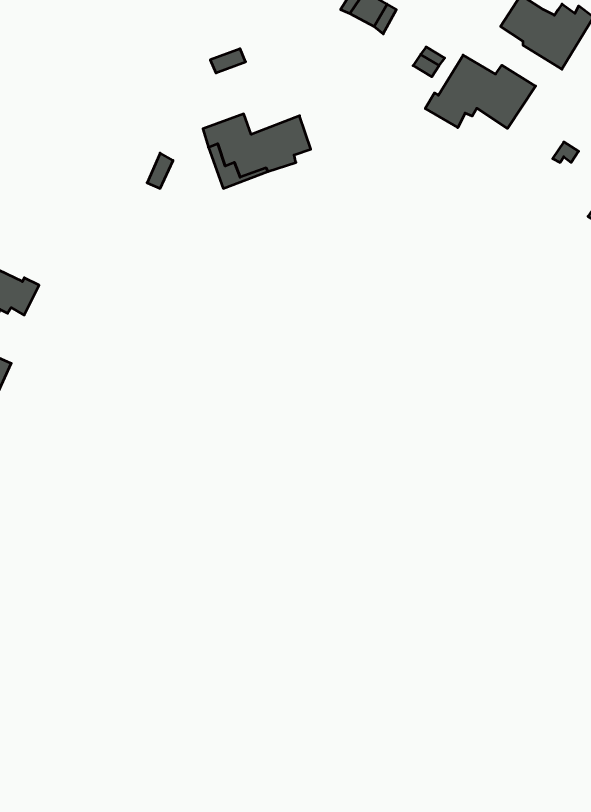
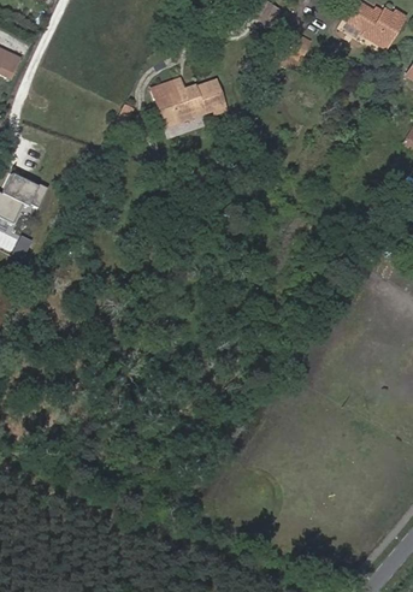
building: [425,55,536,128] -> none

